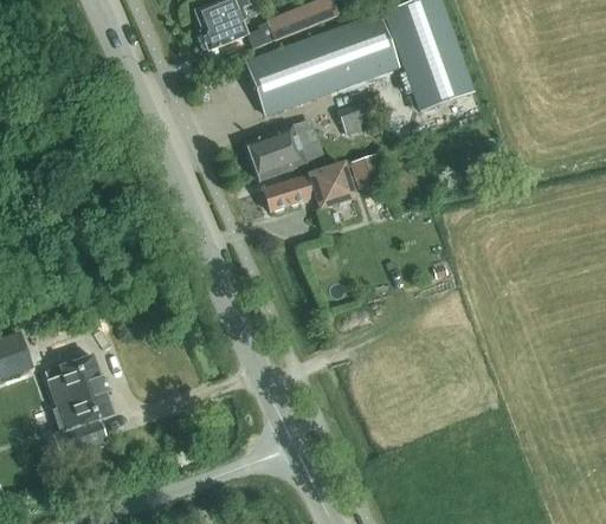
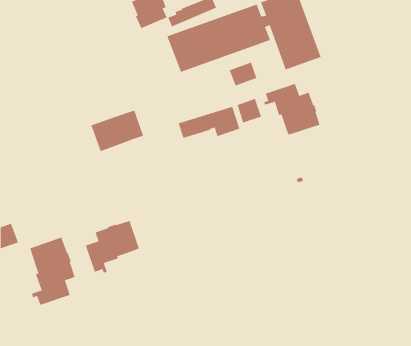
building: [245,119,323,181] -> [90,110,144,152]
building: none -> [264,83,320,136]
building: none -> [85,220,139,274]

